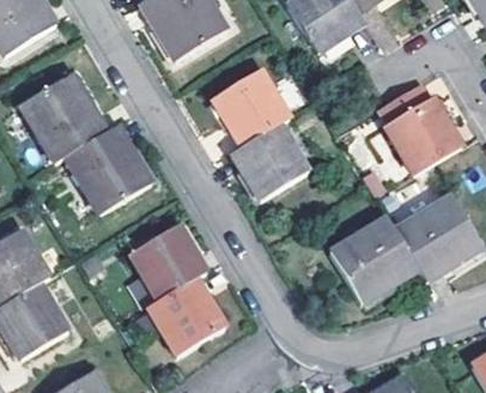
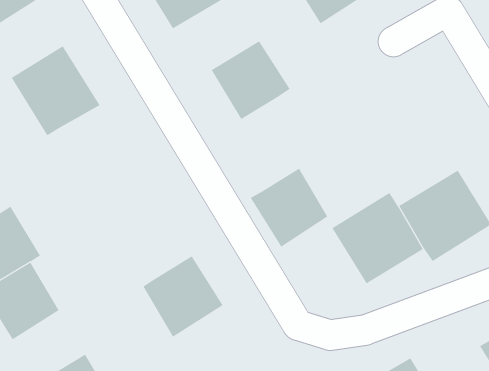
building: [384,97,462,175] -> none
building: [231,123,306,200] -> [250,168,328,248]
building: [65,125,151,213] -> none
building: [129,225,205,300] -> none

